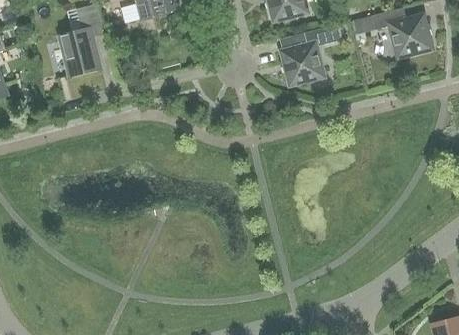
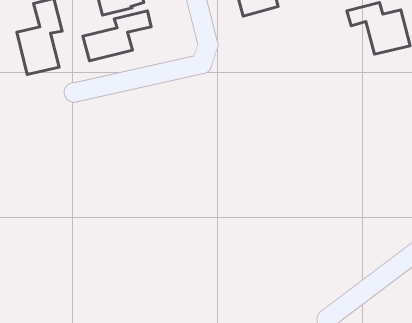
building: none -> [83,11,151,61]
building: [281,24,341,85] -> none

